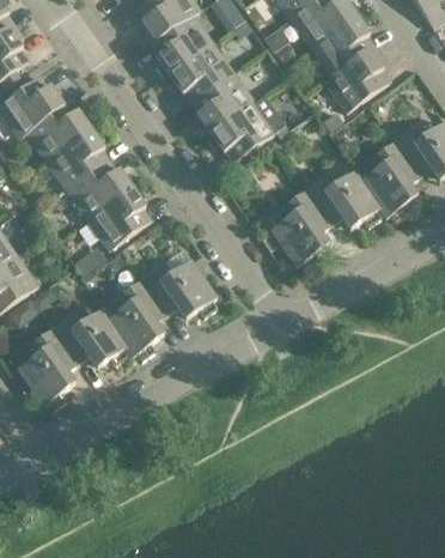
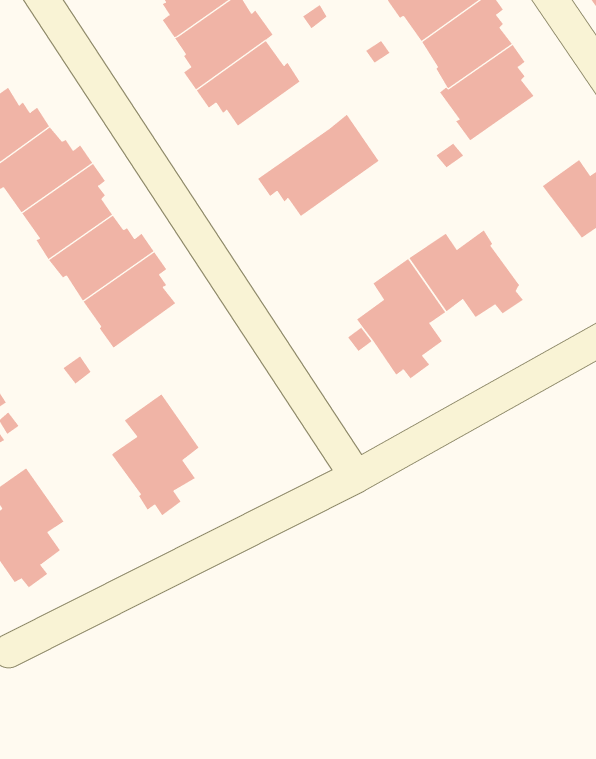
building: [191,72,252,137] -> none
building: [360,141,420,222] -> none
building: [141,261,217,320] -> none
building: [51,309,128,368] -> none

